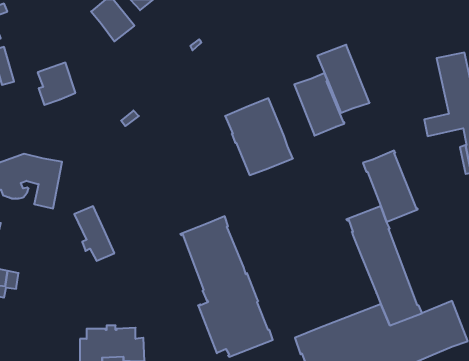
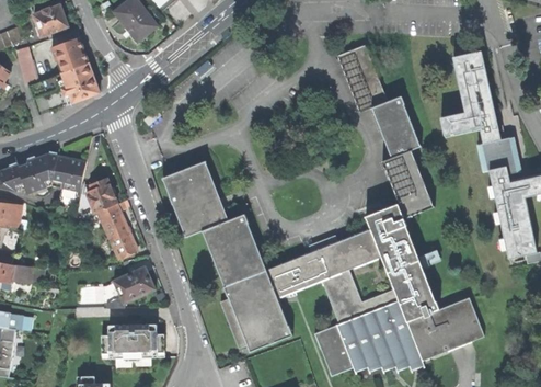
building: none -> [34,5,68,36]
building: none -> [51,37,89,71]
building: [294,73,344,136] -> [371,96,421,158]
building: [225,98,293,175] -> [162,161,229,237]
building: none -> [72,178,116,224]
building: none -> [264,232,399,323]
building: none -> [108,266,154,303]

